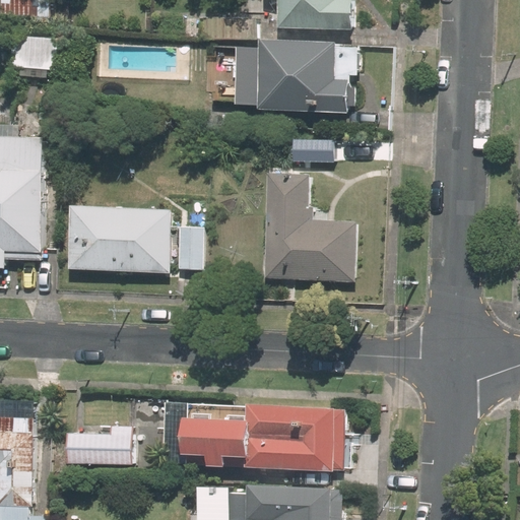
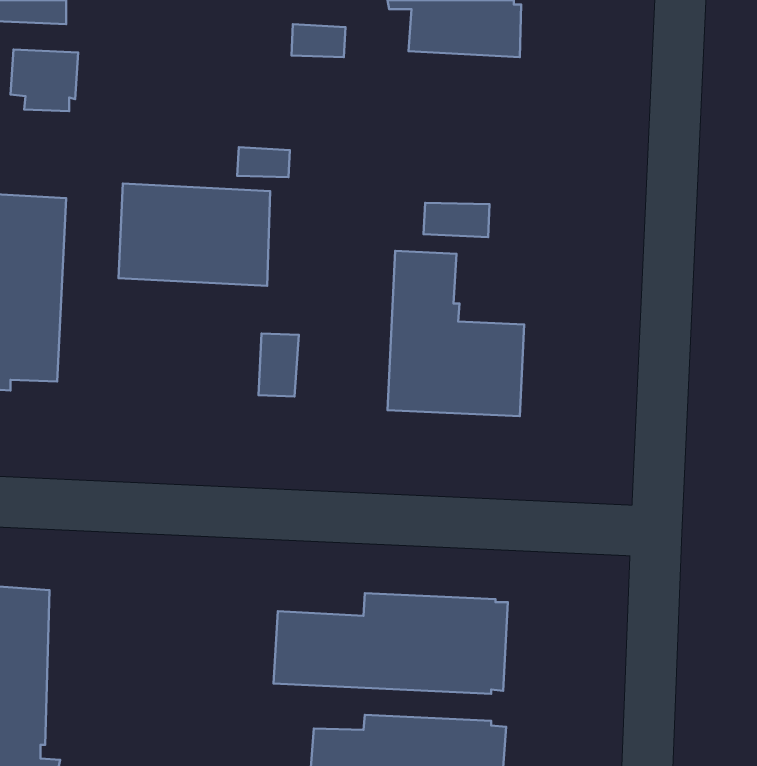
building: [247,45,358,119] -> none
building: [66,203,169,272] -> [118,184,270,286]
building: [65,425,133,465] -> none

